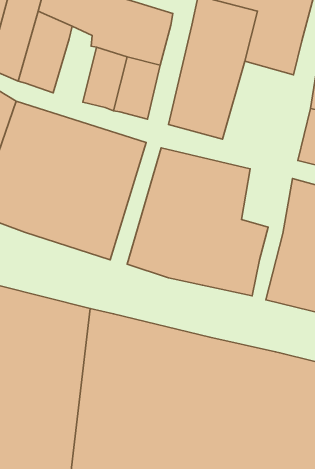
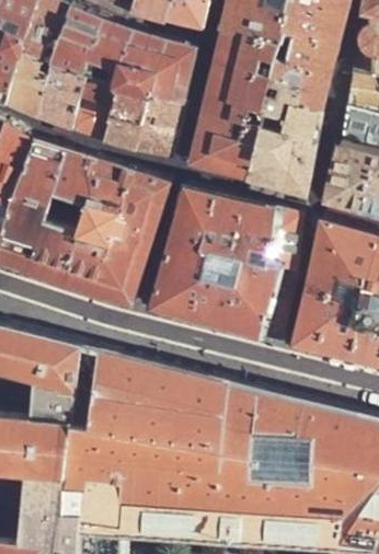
building: none -> [71,76,116,141]
building: none -> [246,99,320,195]
building: none -> [266,210,300,270]

